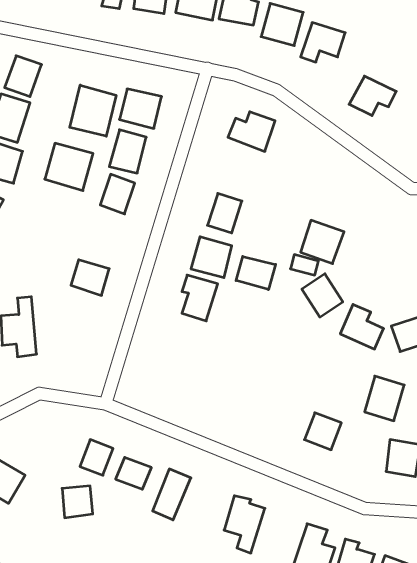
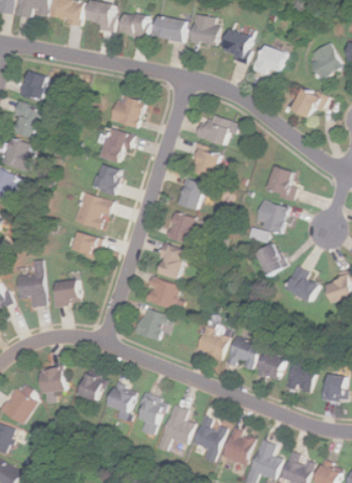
building: none -> [307,42,341,79]
building: [70,85,116,136] -> none
building: [45,143,93,191] -> [74,193,112,230]
building: none -> [195,148,222,177]
building: none -> [266,165,299,200]
building: [236,256,276,290] -> none
building: none -> [144,277,179,310]
building: none -> [53,280,80,306]
building: none -> [135,309,168,341]
building: [365,376,404,421] -> [284,358,316,393]
building: none -> [196,327,229,359]
building: none -> [225,335,262,372]
building: none -> [157,404,193,451]
building: [62,486,93,518] -> [41,368,66,393]
building: none -> [220,429,255,466]

